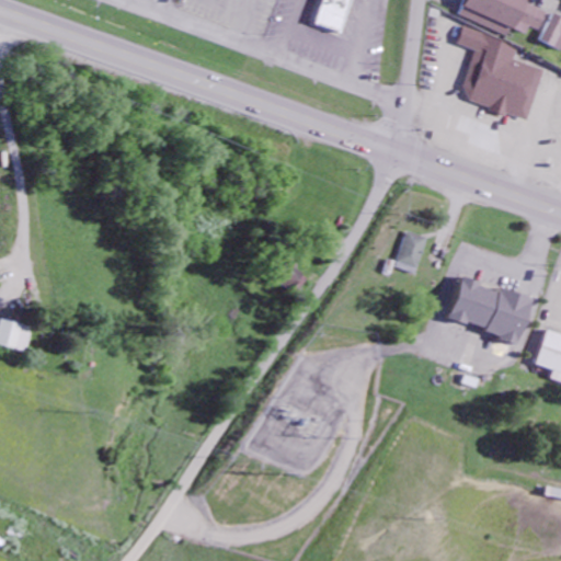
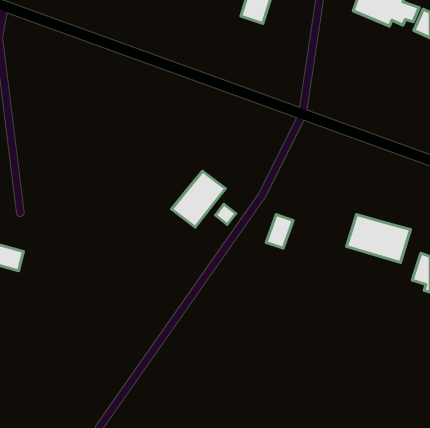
building: [458,27,545,119] -> none
building: none -> [172,171,225,227]
building: [391,229,426,273] -> [266,215,293,248]

